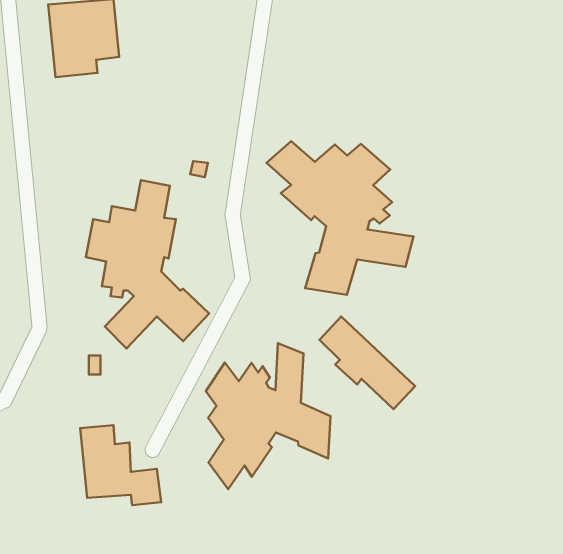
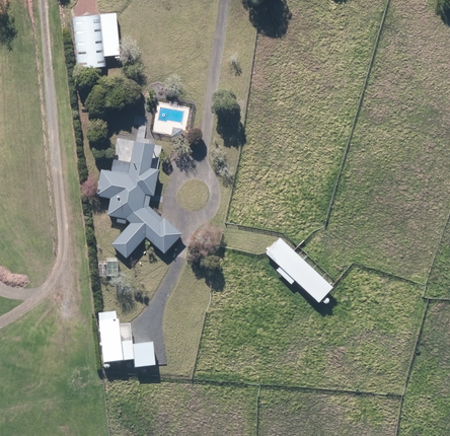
building: [267,141,414,295] -> none
building: [206,343,331,489] -> none

